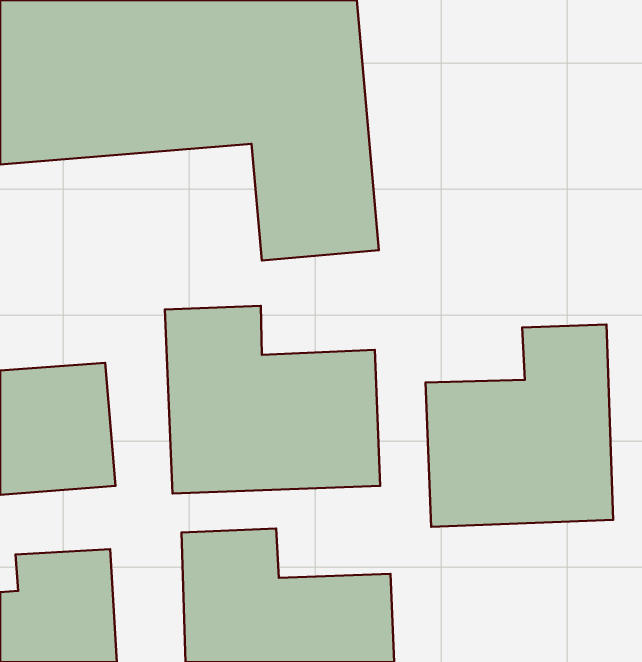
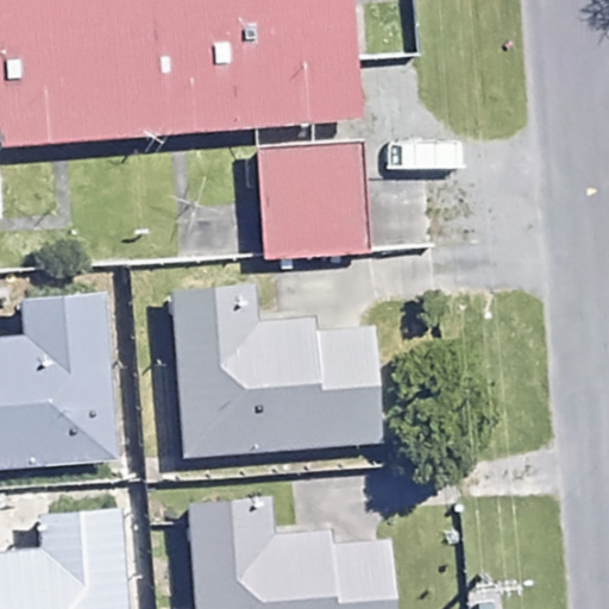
building: [426,325,613,527] -> none

